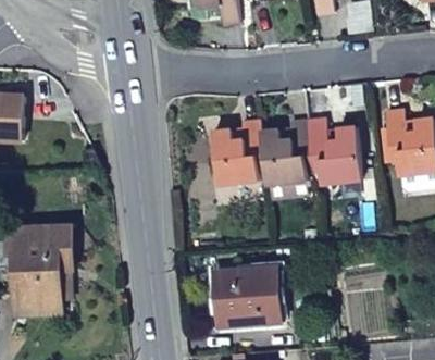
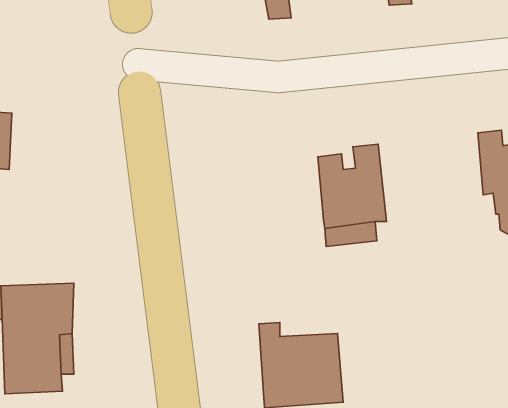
building: [307,119,362,185] -> none
building: [211,122,264,185] -> none

